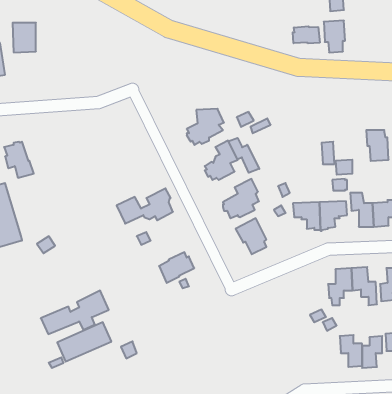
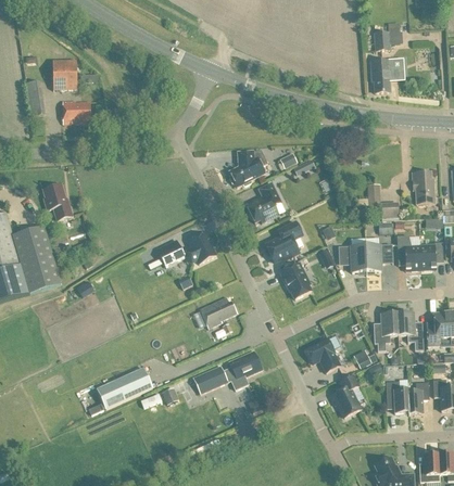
building: [293,26,320,43] -> none
building: none -> [62,99,90,123]
building: [228,138,259,173] -> none
building: [41,291,109,334] -> [192,348,262,393]
building: none -> [306,337,340,371]
building: none -> [331,374,361,415]

